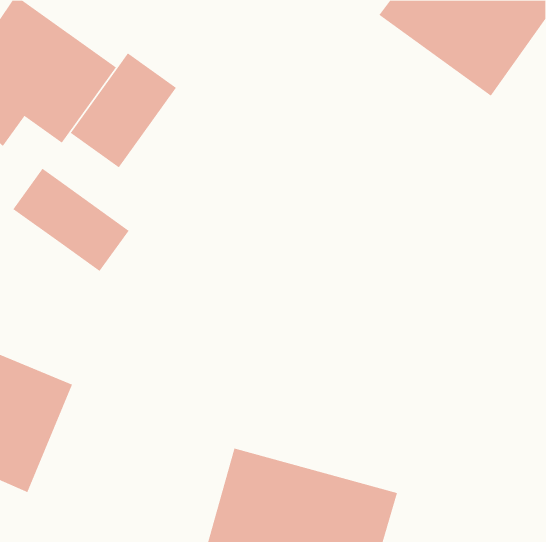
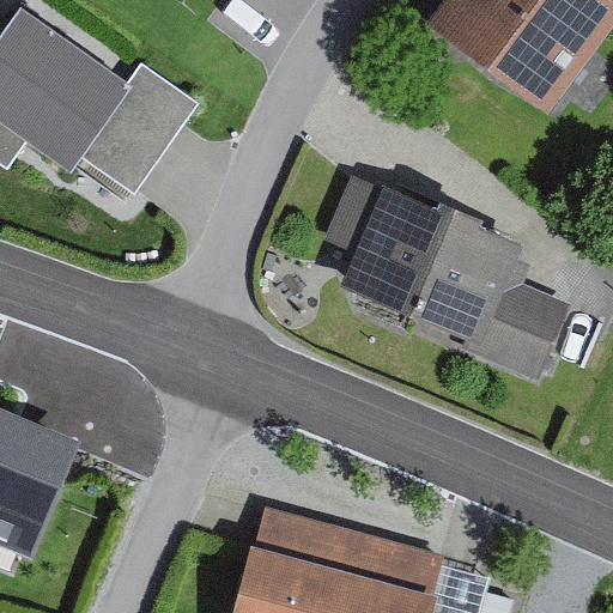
building: none -> [323,176,568,383]
building: [13,168,130,272] -> none

